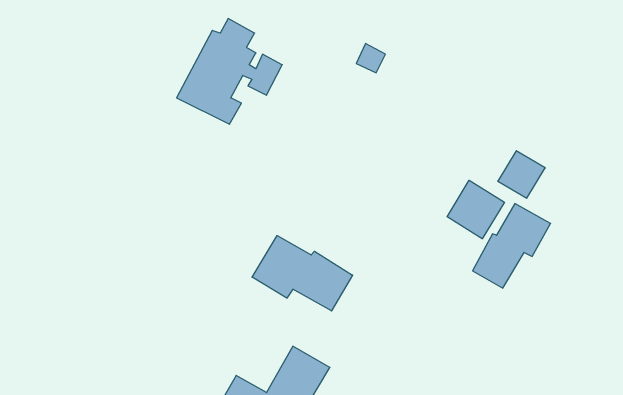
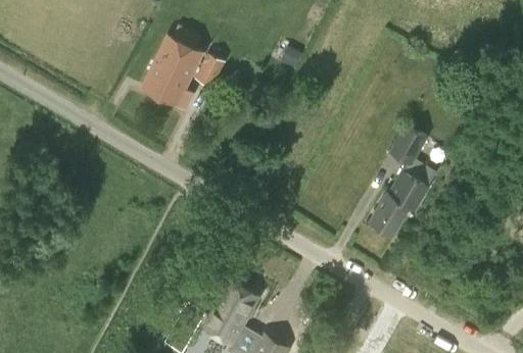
building: [447,180,504,239] -> none
building: [252,236,353,311] -> none

